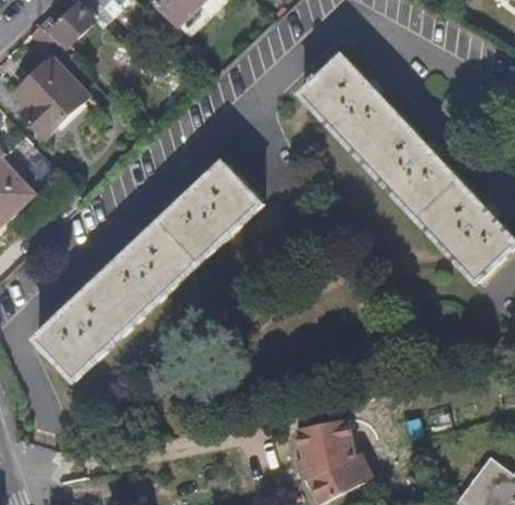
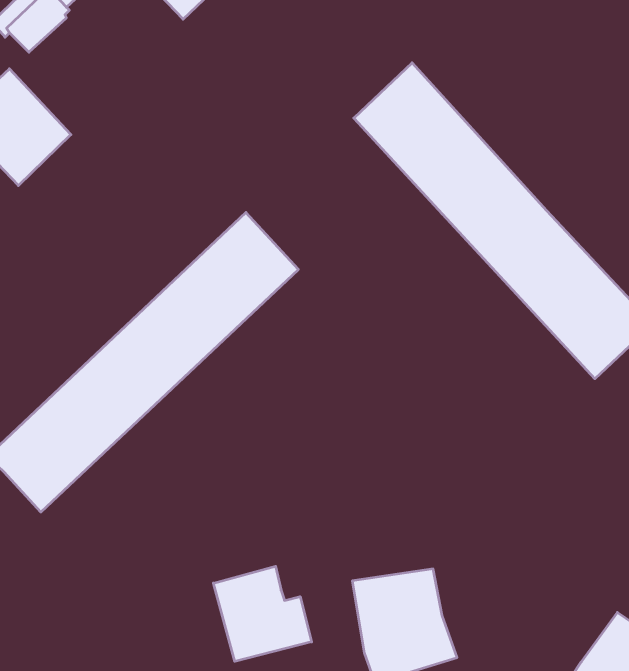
building: none -> [213,566,312,661]

